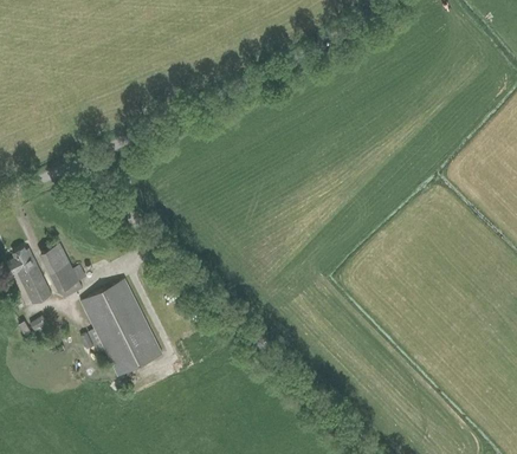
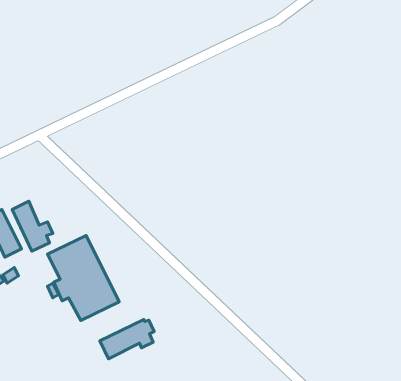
building: none -> [100,319,154,359]

